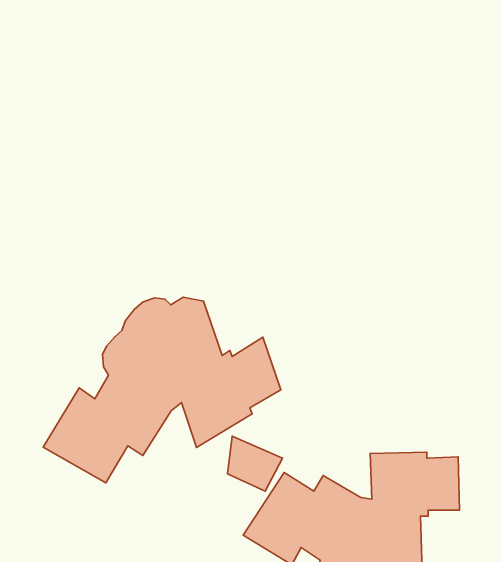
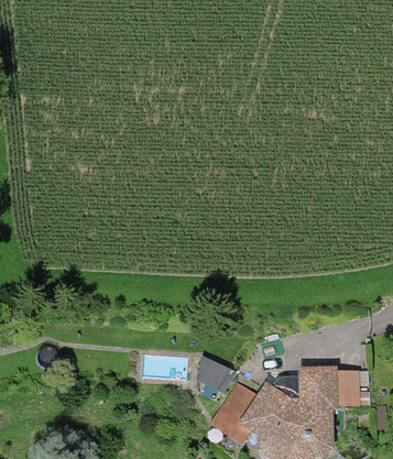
building: [43,297,281,483] -> none

